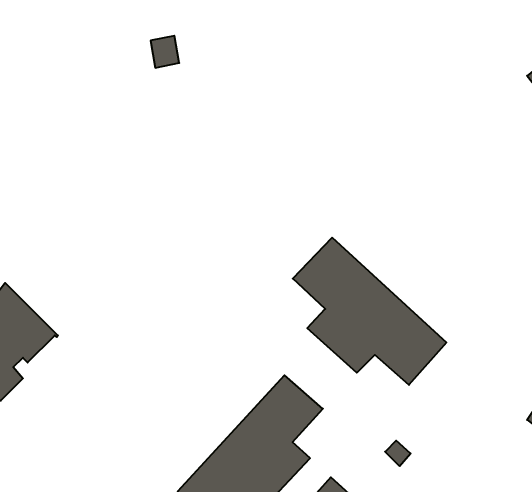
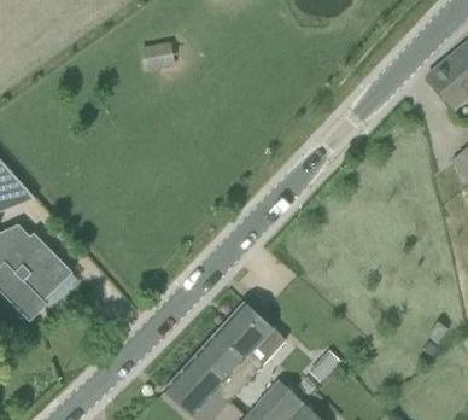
building: [293,238,446,385] -> none

